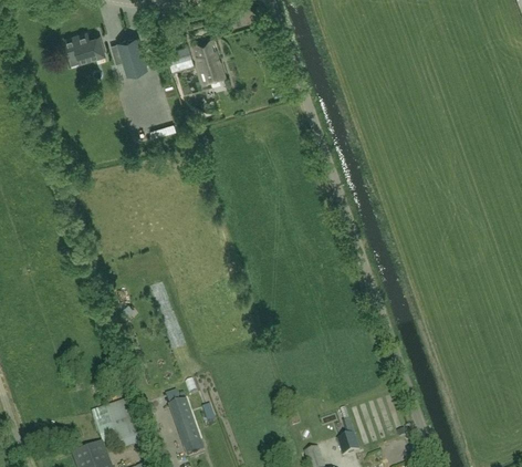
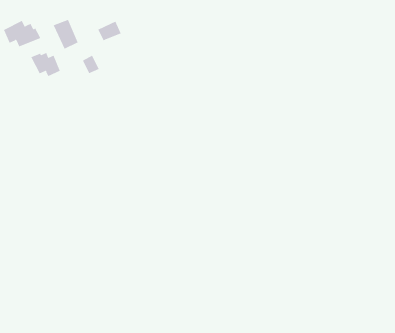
building: [192,38,223,81] -> none
building: none -> [31,52,60,77]

